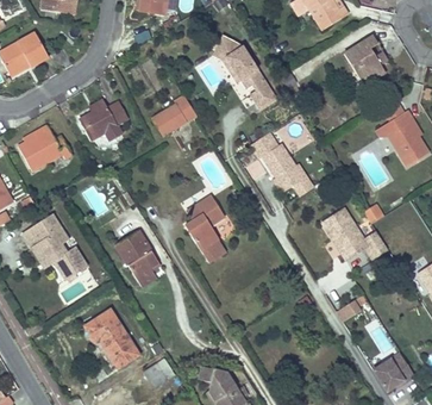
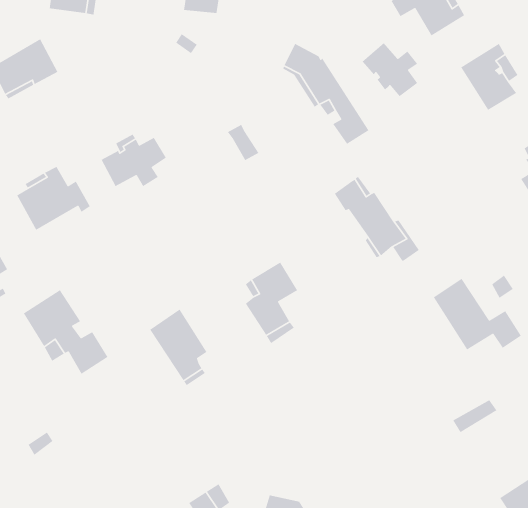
building: none -> [362,42,418,97]
building: [152,105,186,136] -> none
building: [86,310,139,367] -> none

